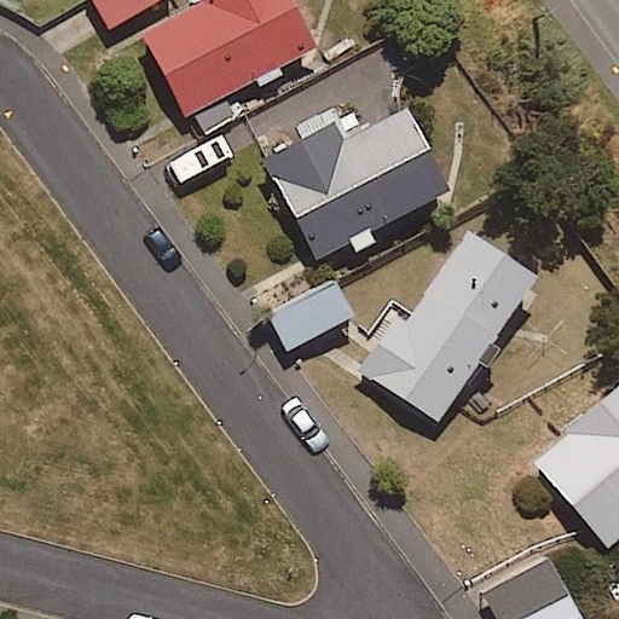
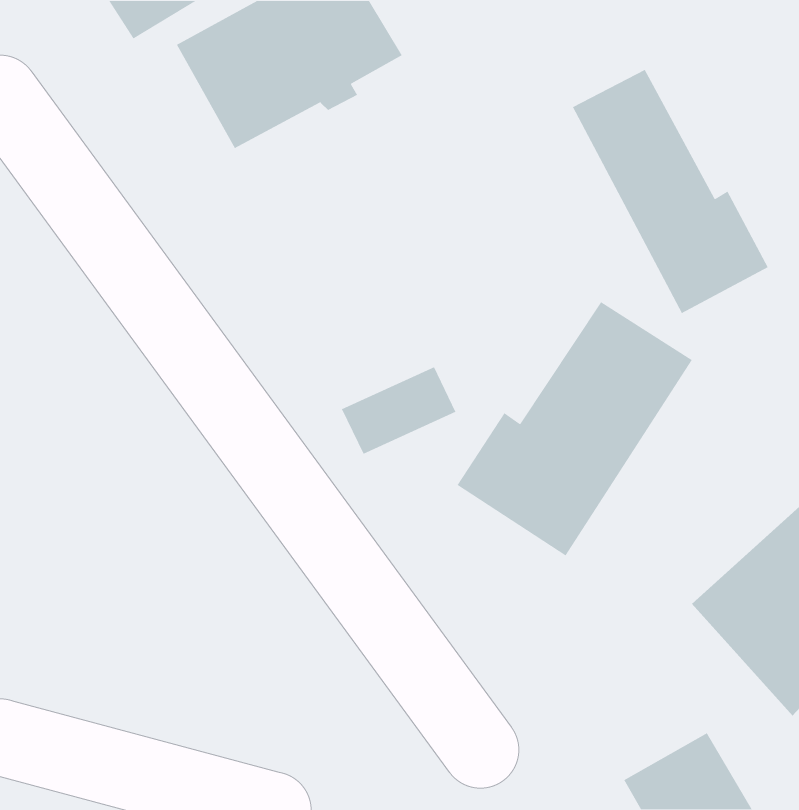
building: none -> [572,69,769,314]
building: [264,102,452,261] -> none

